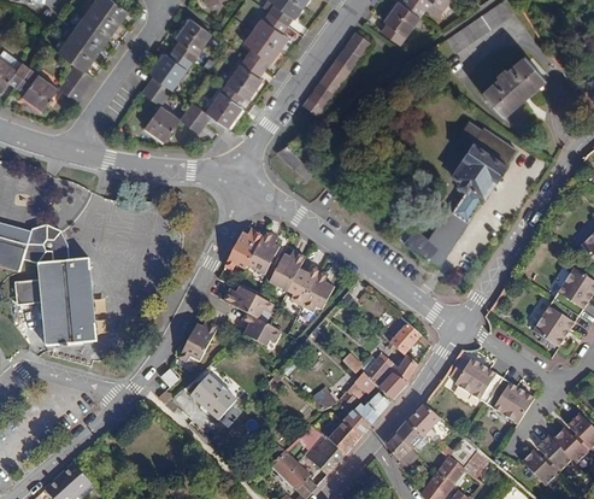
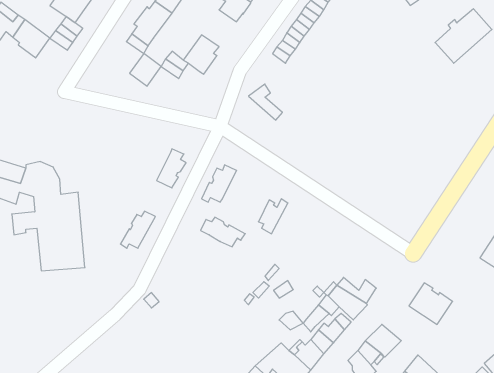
building: [224,57,263,100] -> none
building: [395,121,516,268] -> none
building: [247,230,280,274] -> [157,149,186,188]
building: [269,250,305,290] -> none
building: [301,270,334,310] -> none
building: [241,312,280,346] -> none
building: [382,316,420,353] -> none
building: [178,319,217,360] -> [120,211,155,248]
building: [189,374,236,419] -> none
building: [484,378,533,424] -> none

